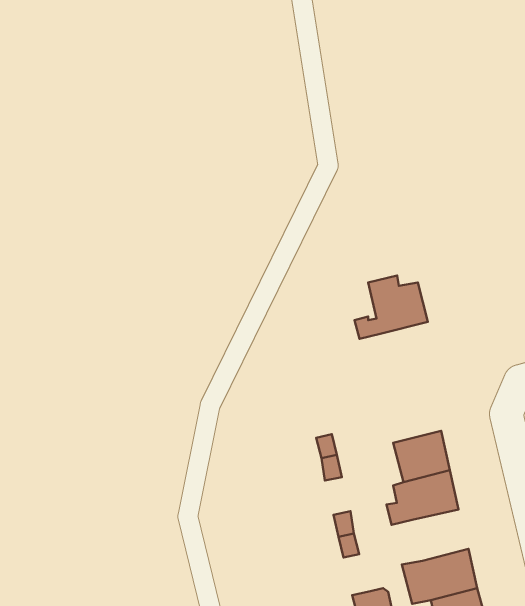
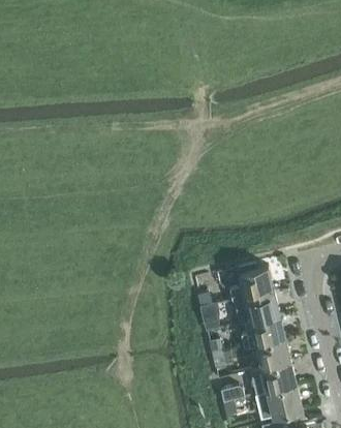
building: [354,276,428,339] -> [230,266,275,304]
building: none -> [257,341,291,372]

